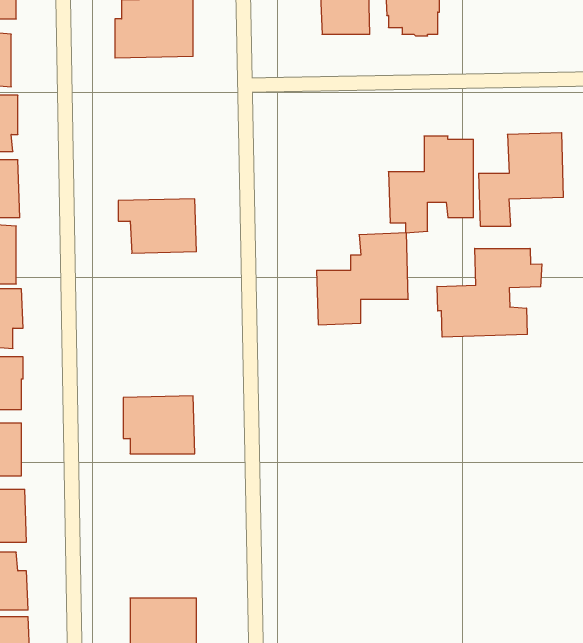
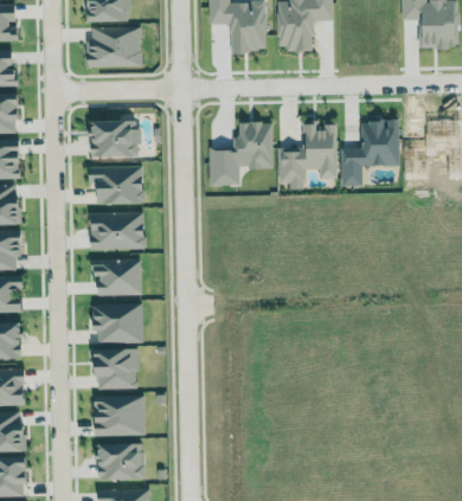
building: none -> [90,121,140,158]
building: [317,233,408,325] -> [208,122,272,186]
building: [437,248,542,337] -> none
building: none -> [90,211,145,250]
building: none -> [95,258,141,296]
building: none -> [95,349,137,390]
building: none -> [94,396,145,437]

